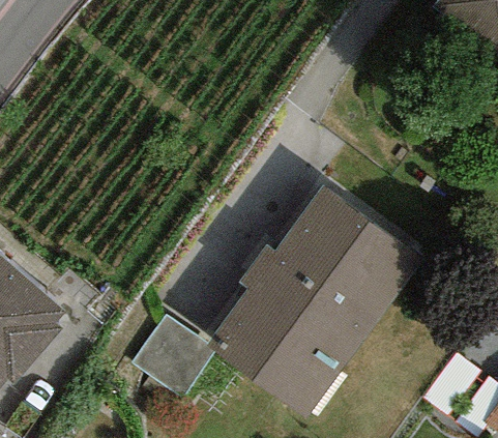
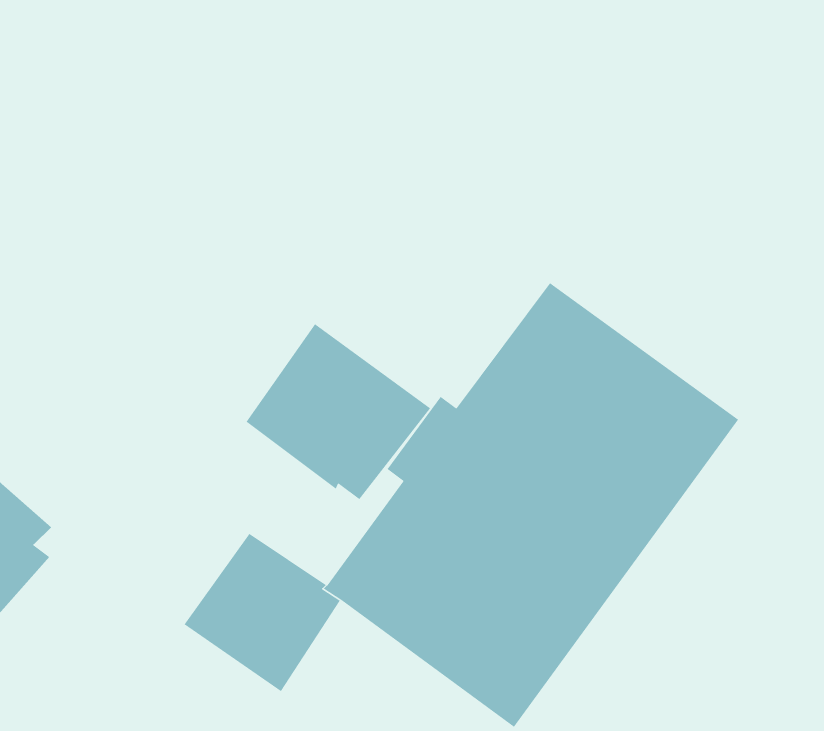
building: none -> [246,323,431,500]

